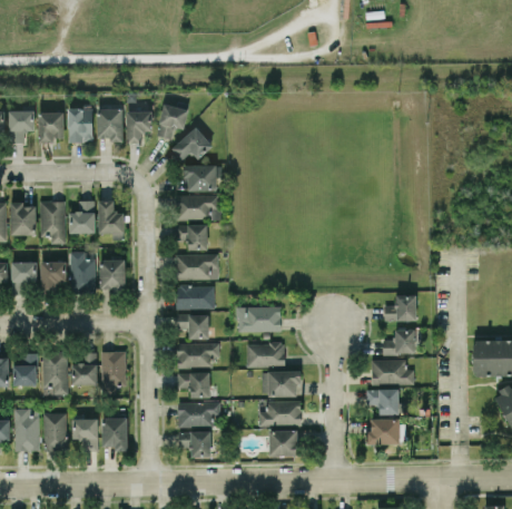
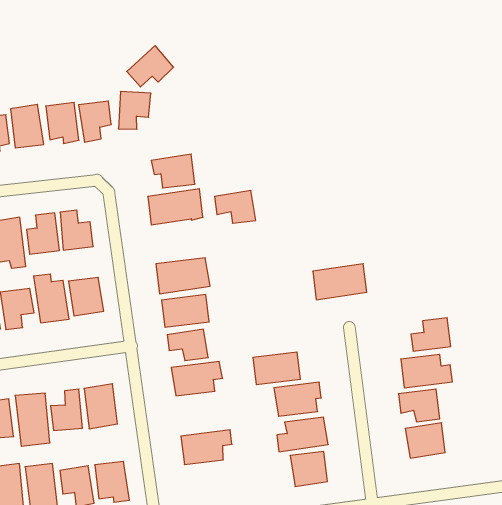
building: [171,127,211,160] -> [127,46,174,87]
building: [176,224,208,249] -> [215,191,256,223]
building: [384,295,416,321] -> none
building: [237,306,280,332] -> [313,264,367,300]
building: [177,372,210,398] -> none
building: [178,431,210,457] -> none

